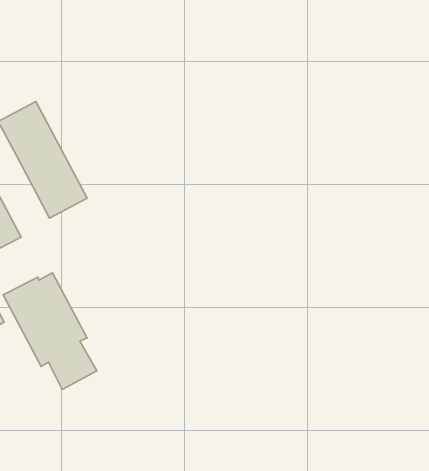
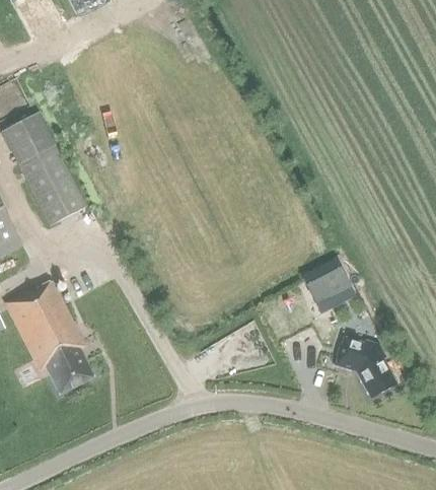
building: none -> [300,257,354,311]
building: none -> [334,334,395,397]

